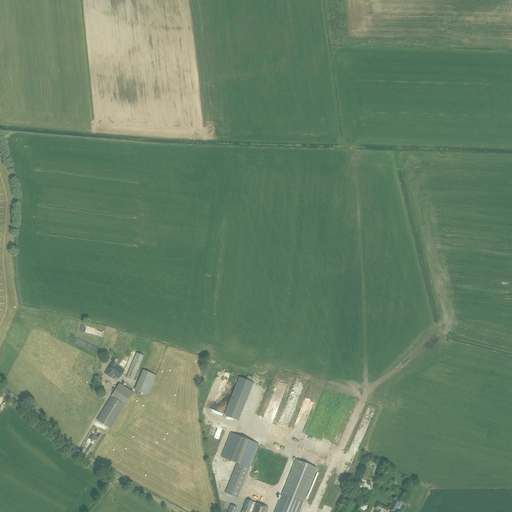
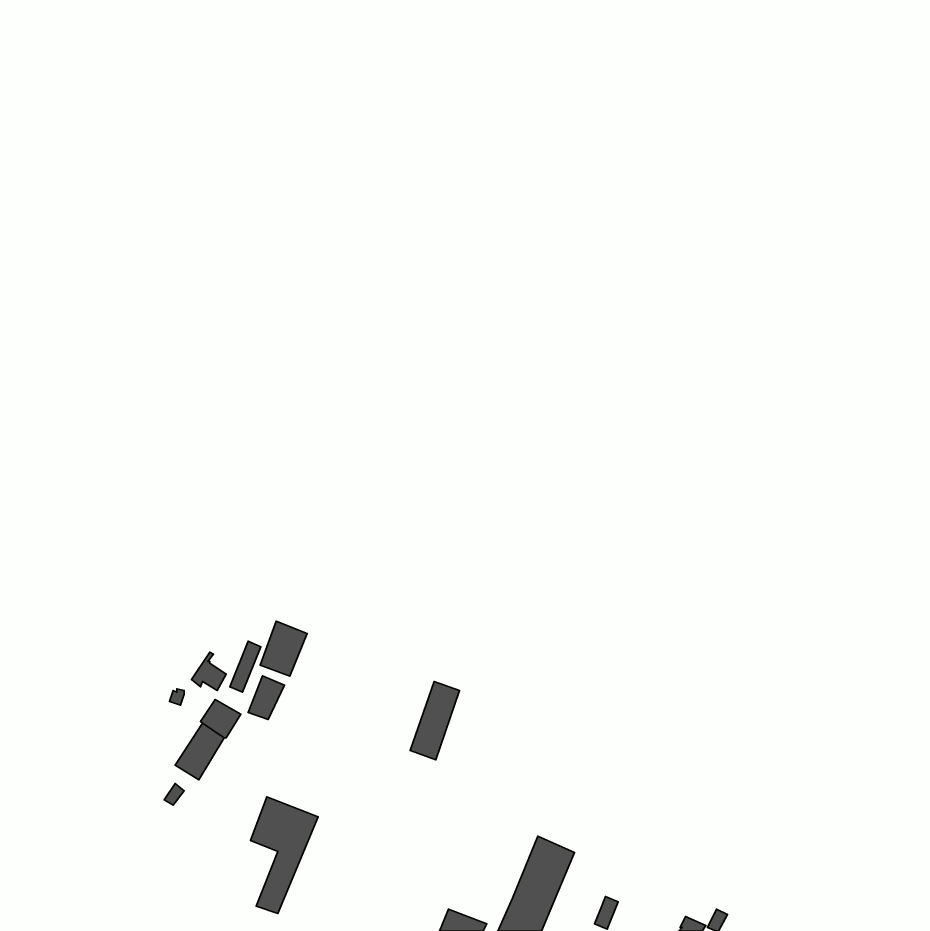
building: none -> [260,621,307,676]
building: [221,433,258,497] -> [251,797,318,913]

